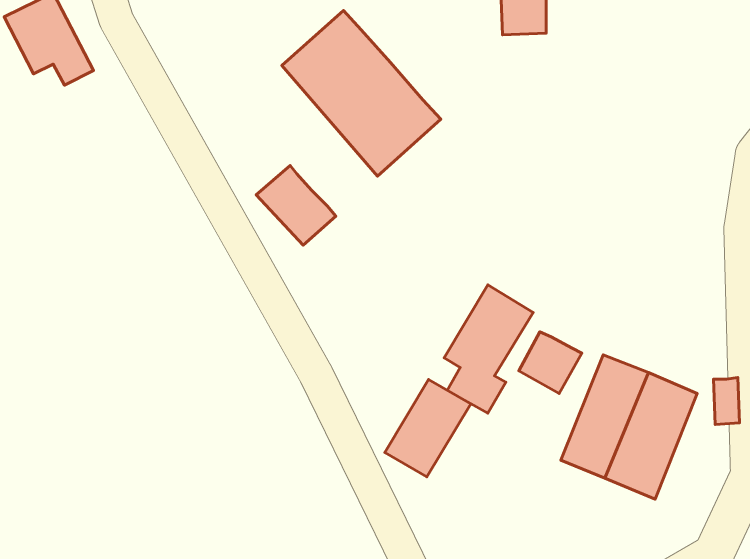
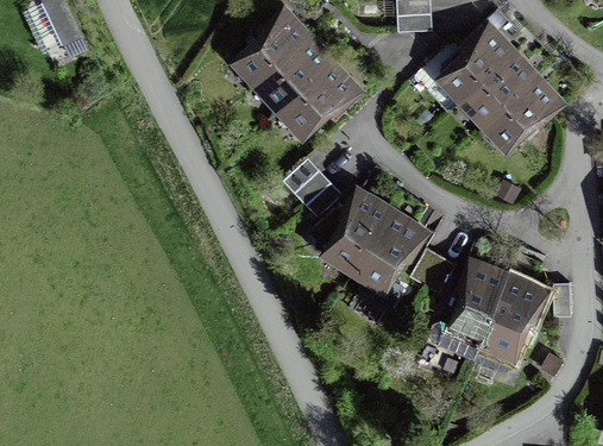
building: none -> [441,29,557,146]
building: [256,166,336,245] -> [283,157,341,215]
building: [385,380,471,477] -> [324,195,387,266]

